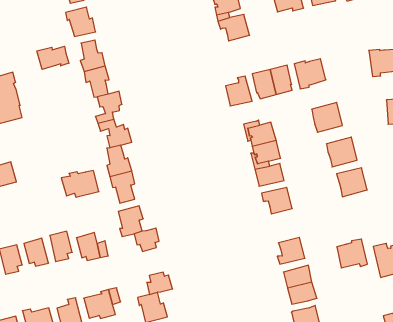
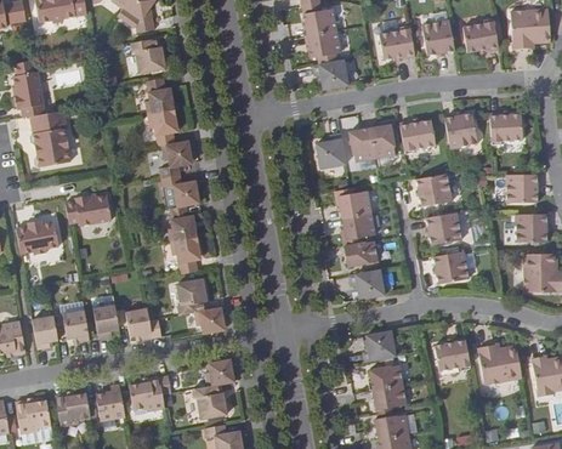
building: [37,46,69,69] -> none
building: none -> [444,113,478,148]
building: [61,171,99,197] -> [64,195,108,226]

